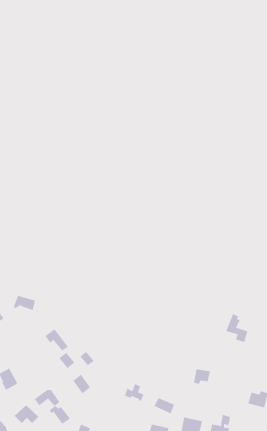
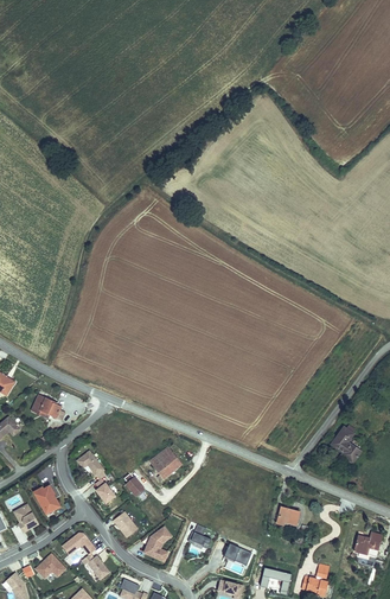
building: none -> [149,447,183,483]
building: none -> [32,483,63,514]
building: none -> [142,524,173,561]

